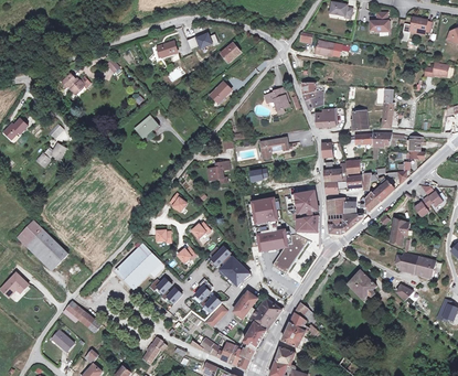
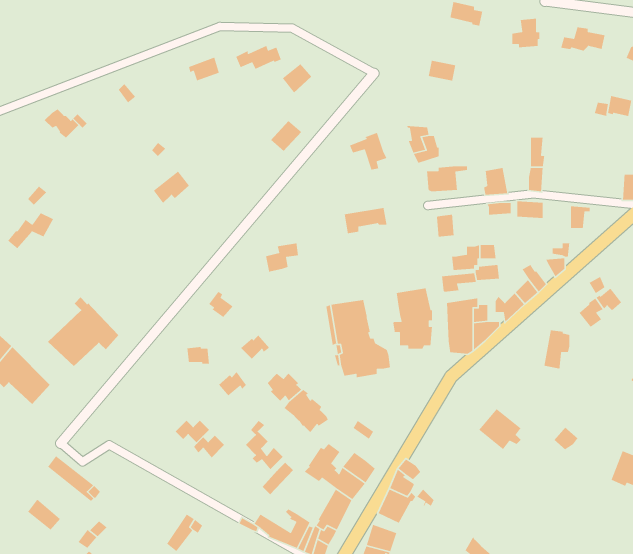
building: [271,234,307,275] -> none
building: [116,240,163,287] -> [47,297,119,367]
building: [398,250,436,278] -> none

